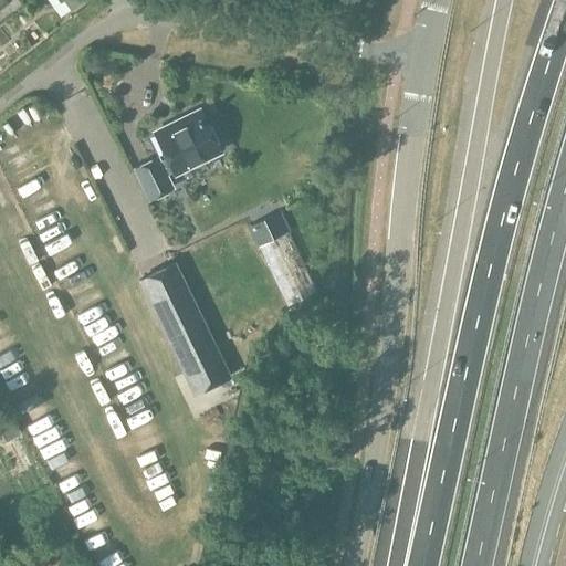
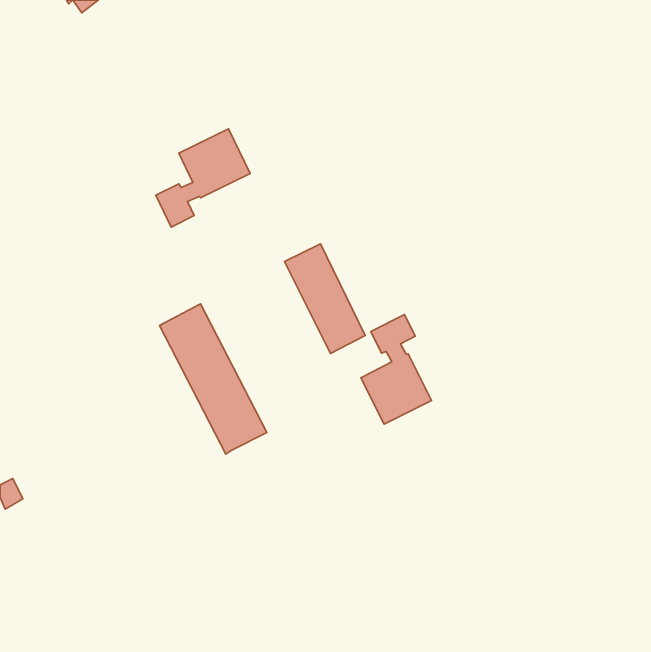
building: none -> [361,315,431,424]

